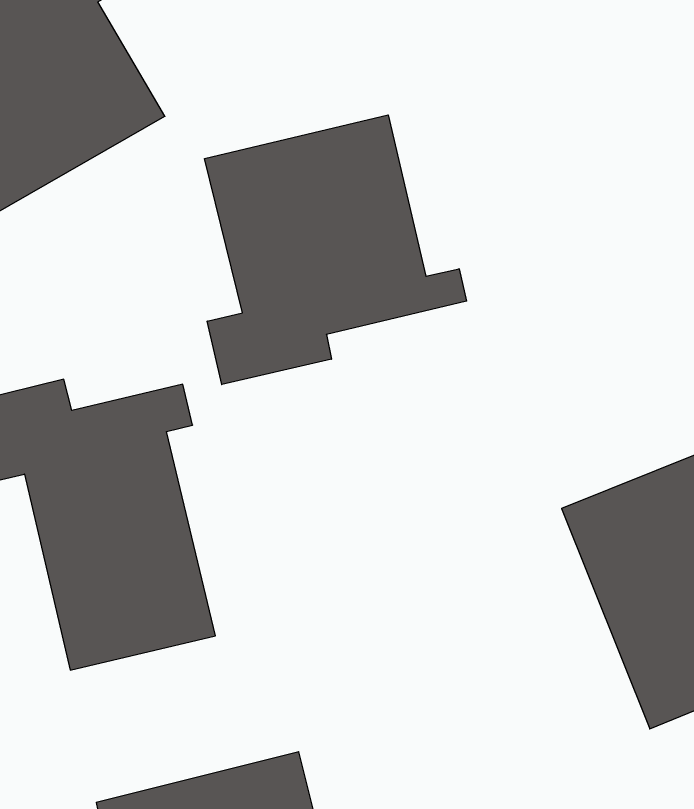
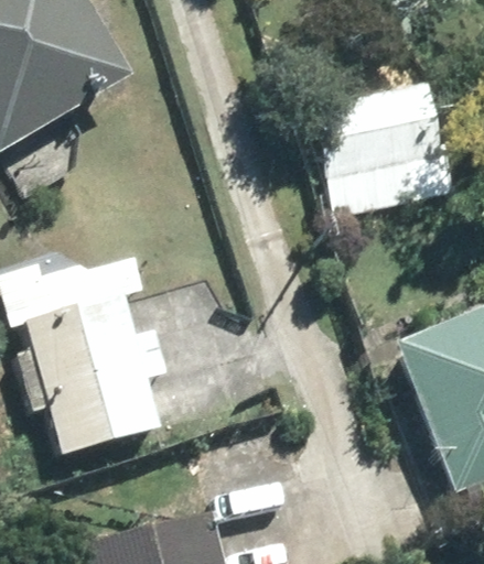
building: [205,115,467,385] -> none
building: none -> [316,79,453,213]

